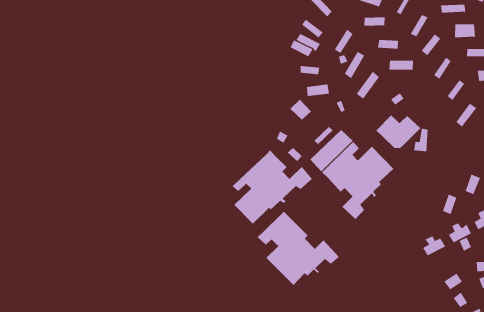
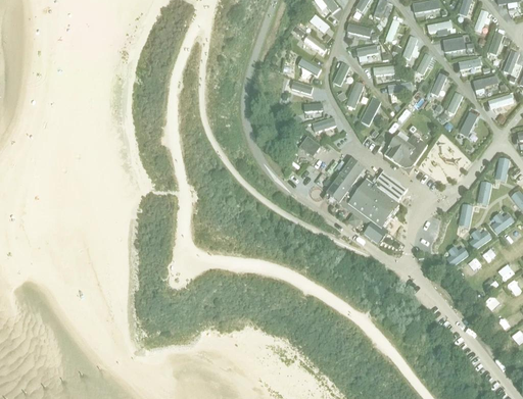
building: [232,150,313,225] -> none
building: [257,211,340,286] -> none

